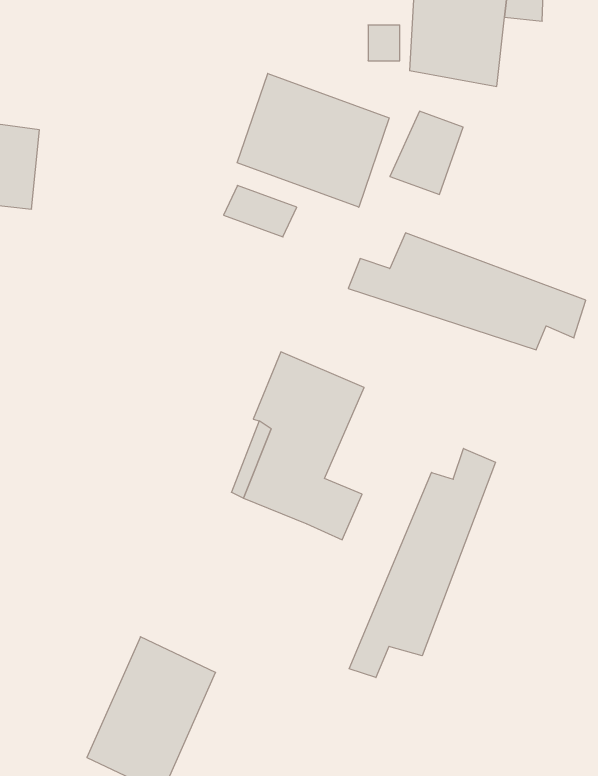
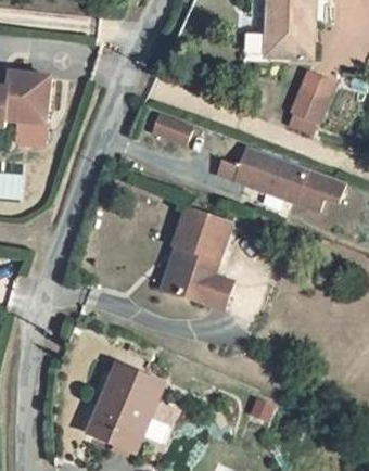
building: [237,73,389,207] -> none
building: [390,111,463,194] -> [302,74,342,119]
building: [349,448,496,678] -> none

